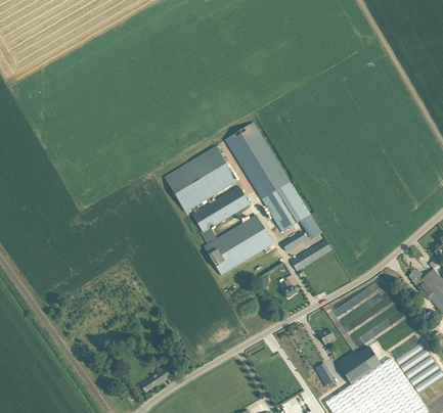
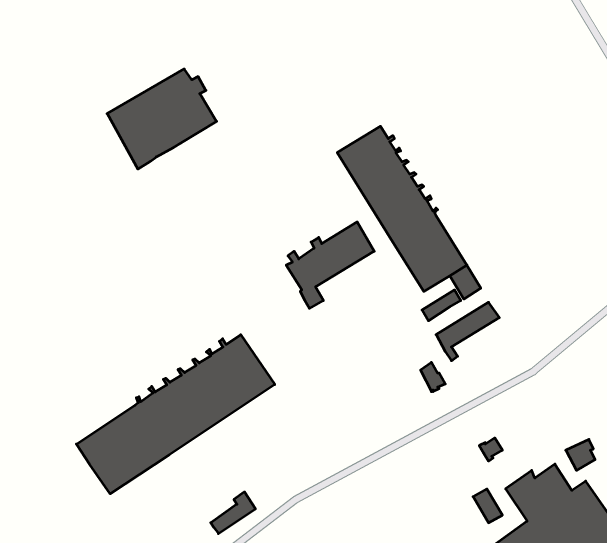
building: [164,147,236,214] -> [107,69,217,169]
building: [204,215,273,276] -> none
building: none -> [76,335,275,494]

